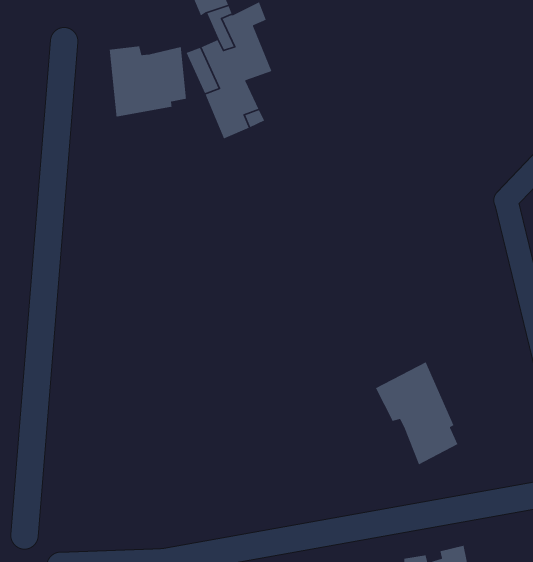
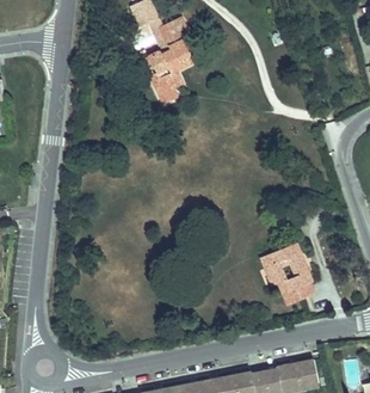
building: [109,46,187,117] -> none

